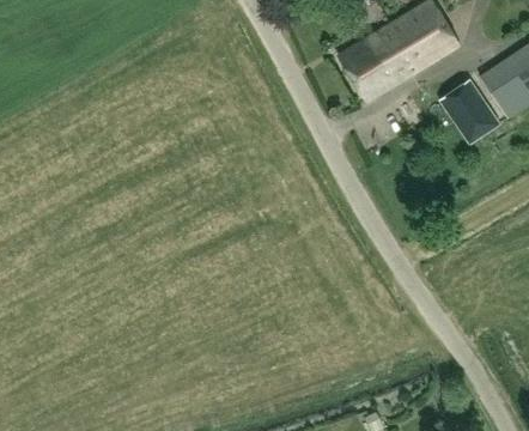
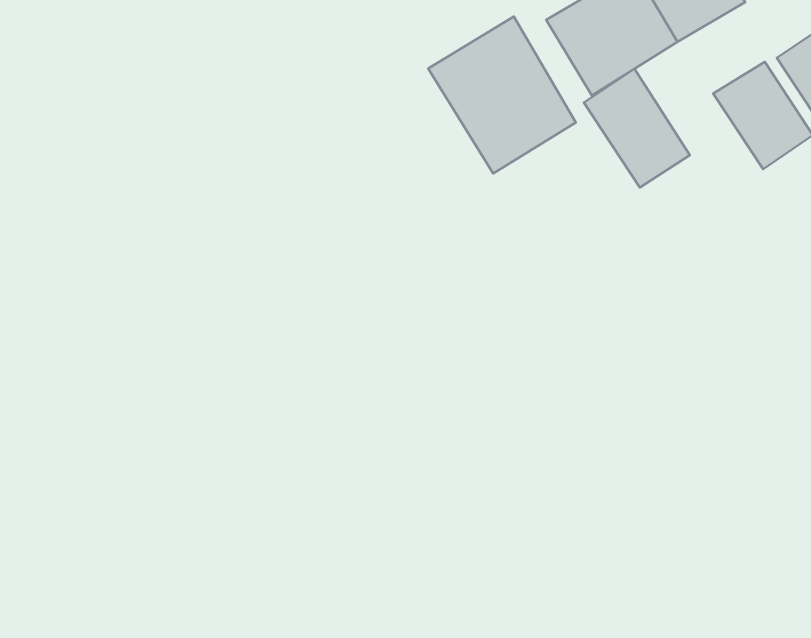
building: none -> [428,17,576,174]
building: none -> [584,69,690,187]

